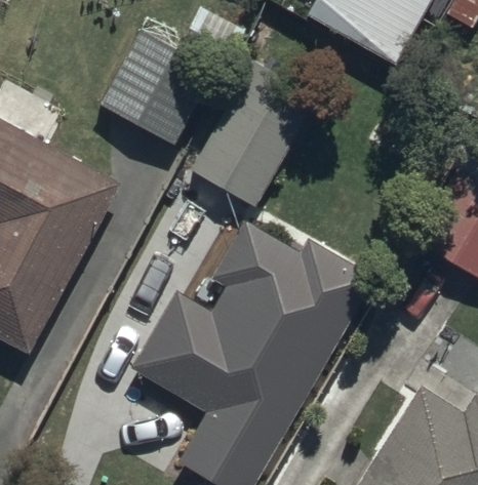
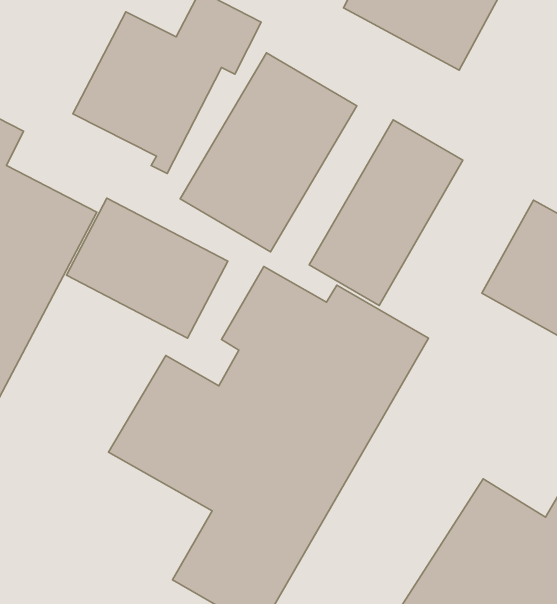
building: none -> [309,120,463,305]
building: none -> [66,198,228,338]

